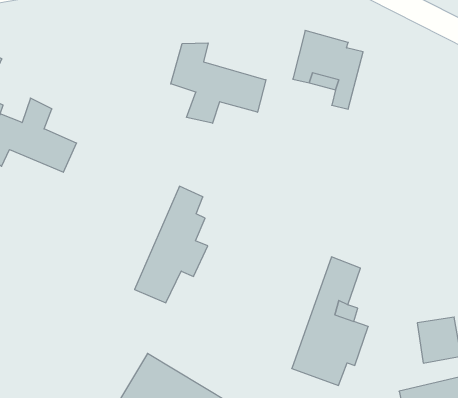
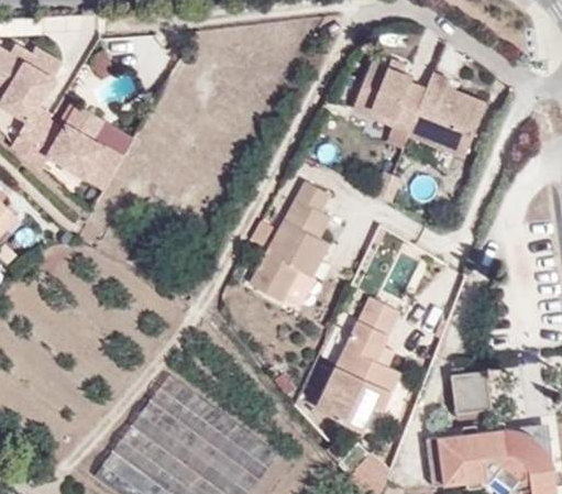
building: none -> [407,68,484,154]
building: [171,43,266,123] -> none
building: [135,186,208,303] -> [250,182,329,299]

